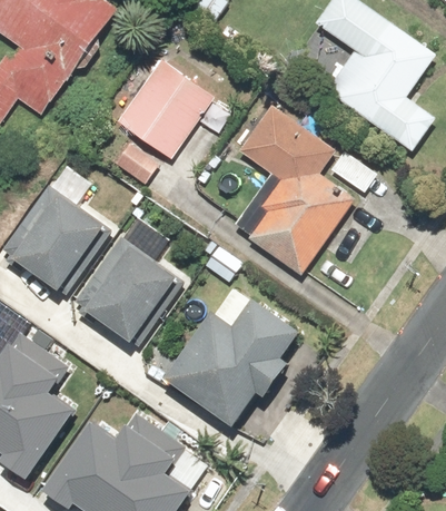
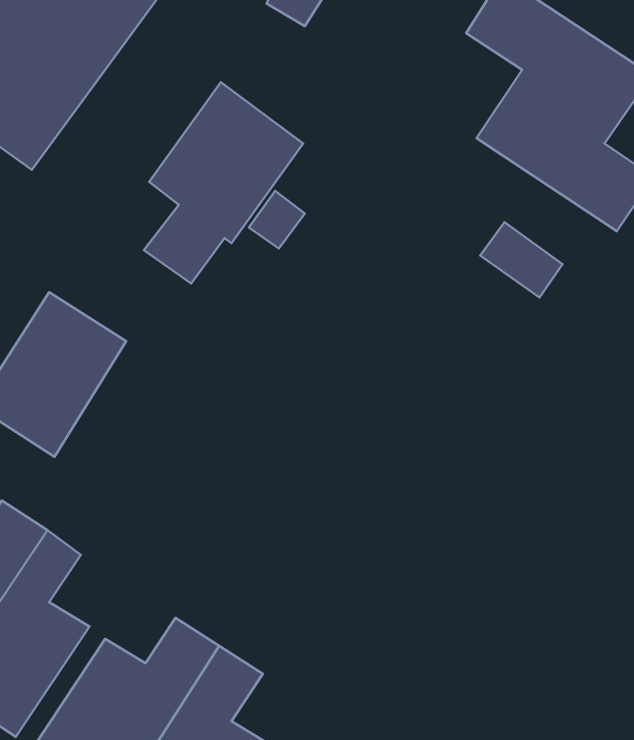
building: [234,100,351,274] -> none
building: [79,240,176,346] -> none
building: [163,297,301,429] -> none

